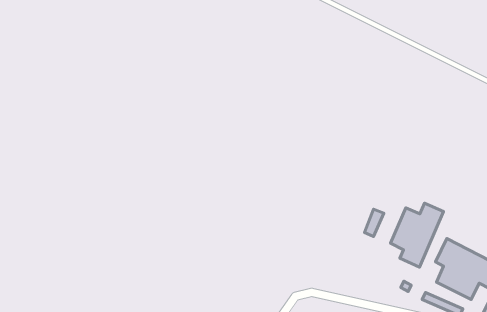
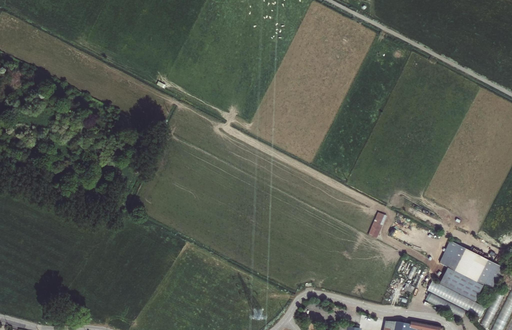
building: [390,203,443,267] -> none

